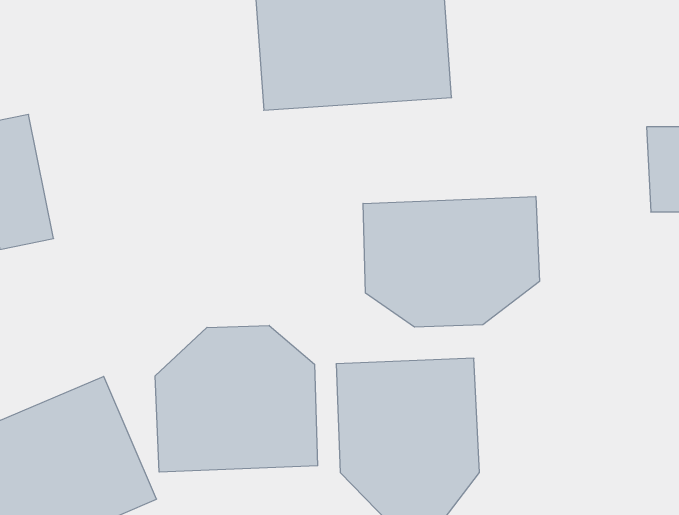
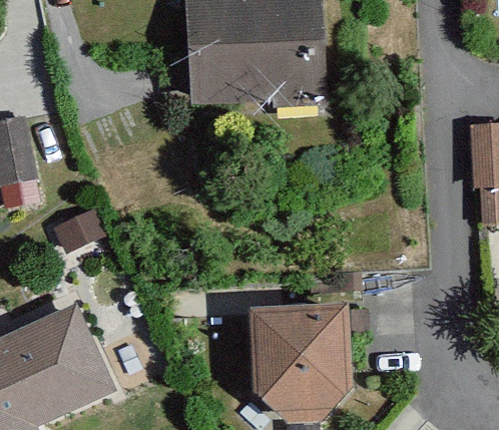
building: [363,196,539,327] -> none
building: [155,325,318,472] -> none

